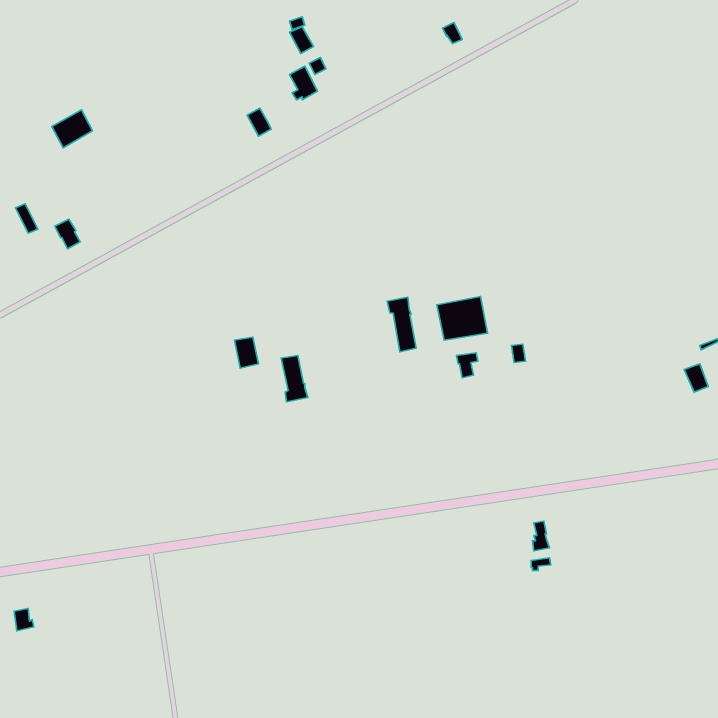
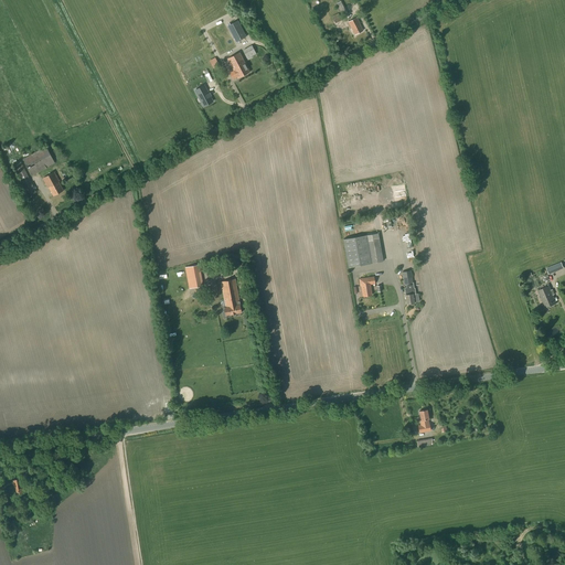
building: [52,110,93,148] -> [23,146,55,175]
building: [387,297,416,352] -> none

